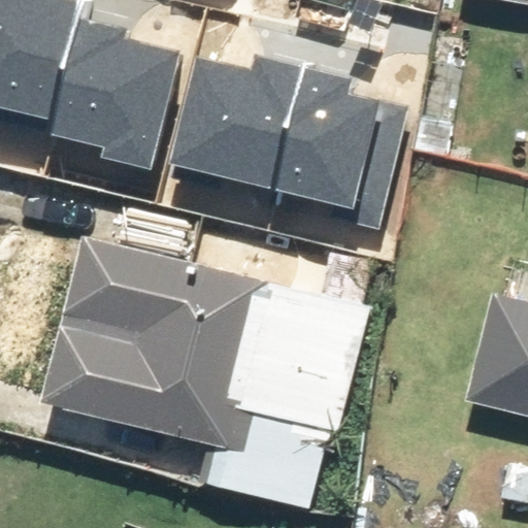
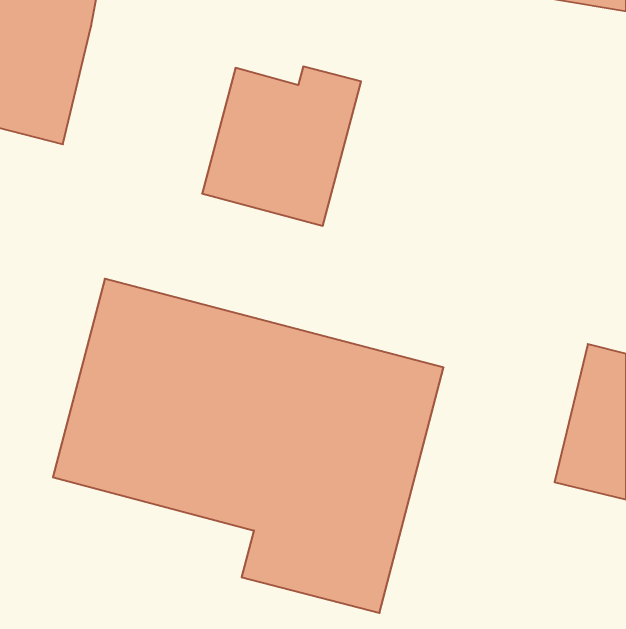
building: [50,22,178,170] -> none
building: [270,68,400,216] -> none

